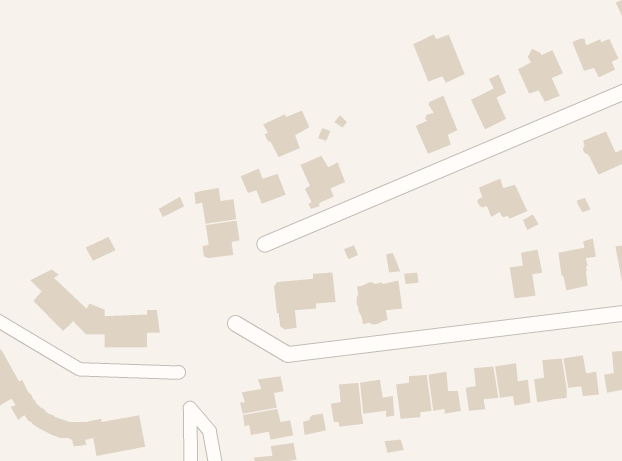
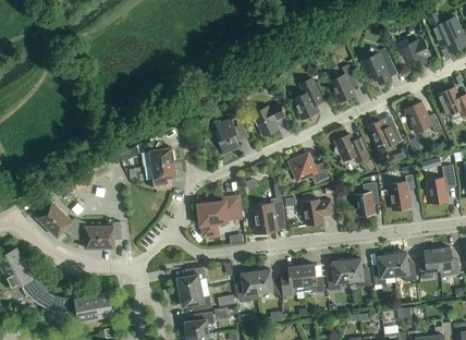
building: [412,33,466,84] -> none
building: [262,110,311,158] -> [253,104,285,136]
building: none -> [368,121,403,146]
building: [239,168,287,205] -> none
building: none -> [289,153,329,184]
building: none -> [303,199,333,226]

